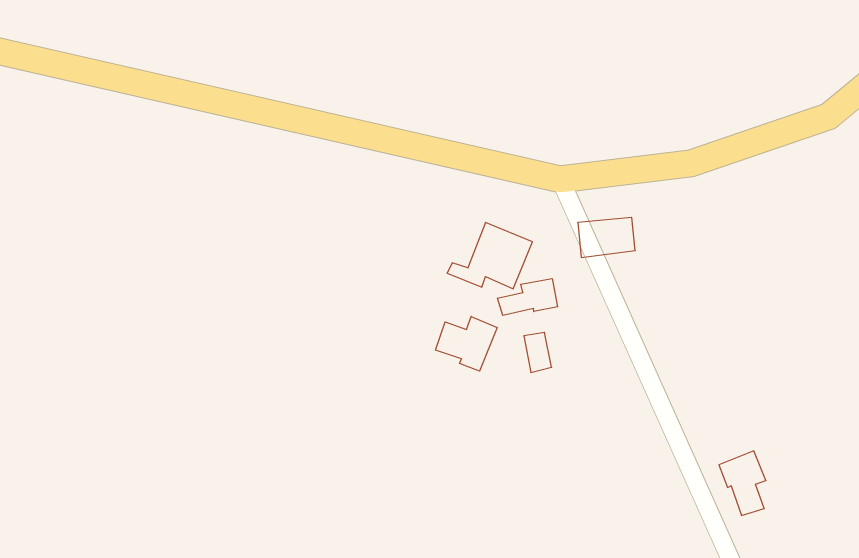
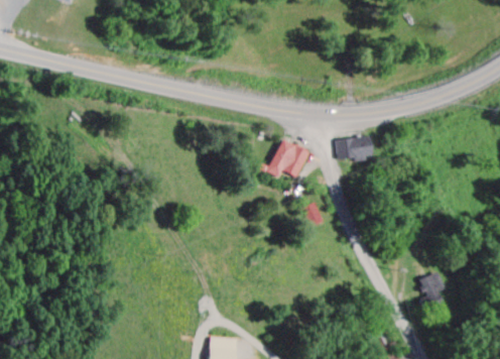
building: [498,279,558,315] -> none
building: [435,316,497,371] -> none

